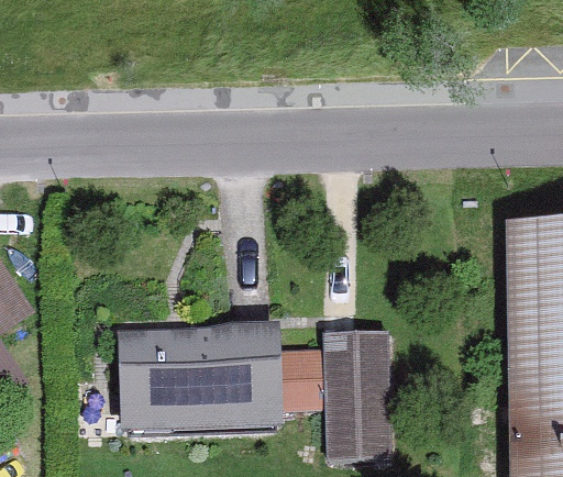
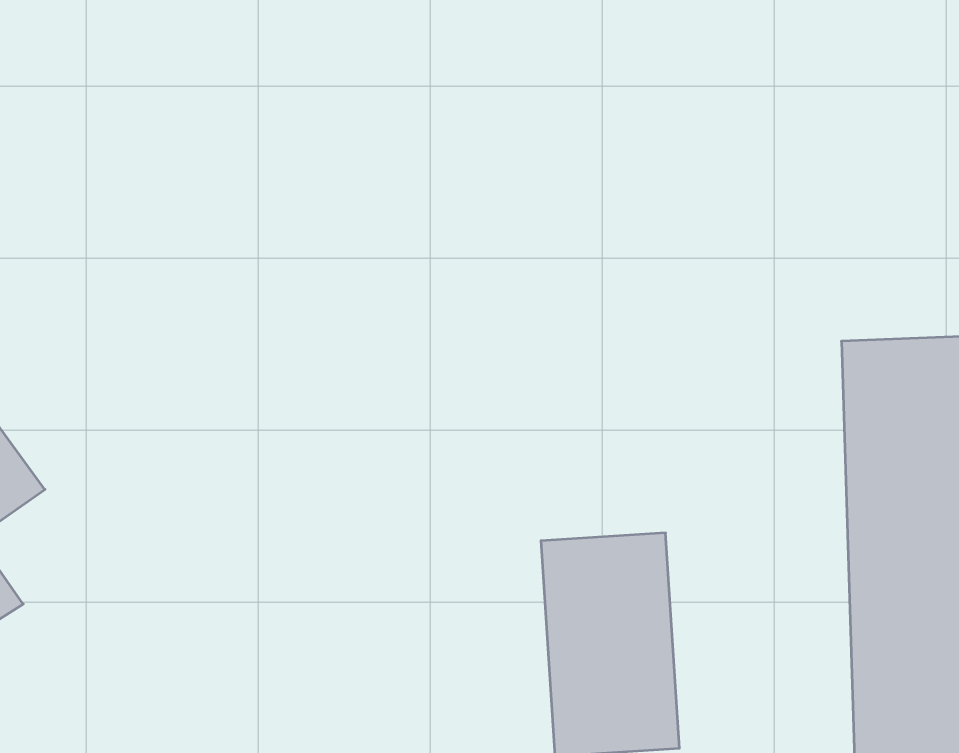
building: [126,330,278,424] -> none

